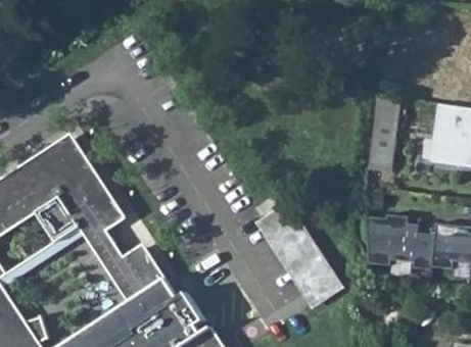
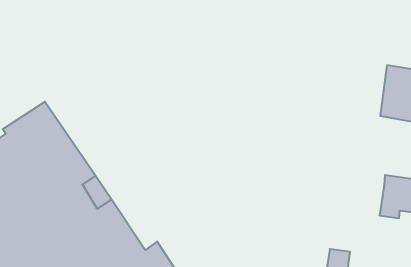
building: [367,95,402,174] -> none
building: [257,198,346,307] -> none
building: [365,213,434,270] -> none

